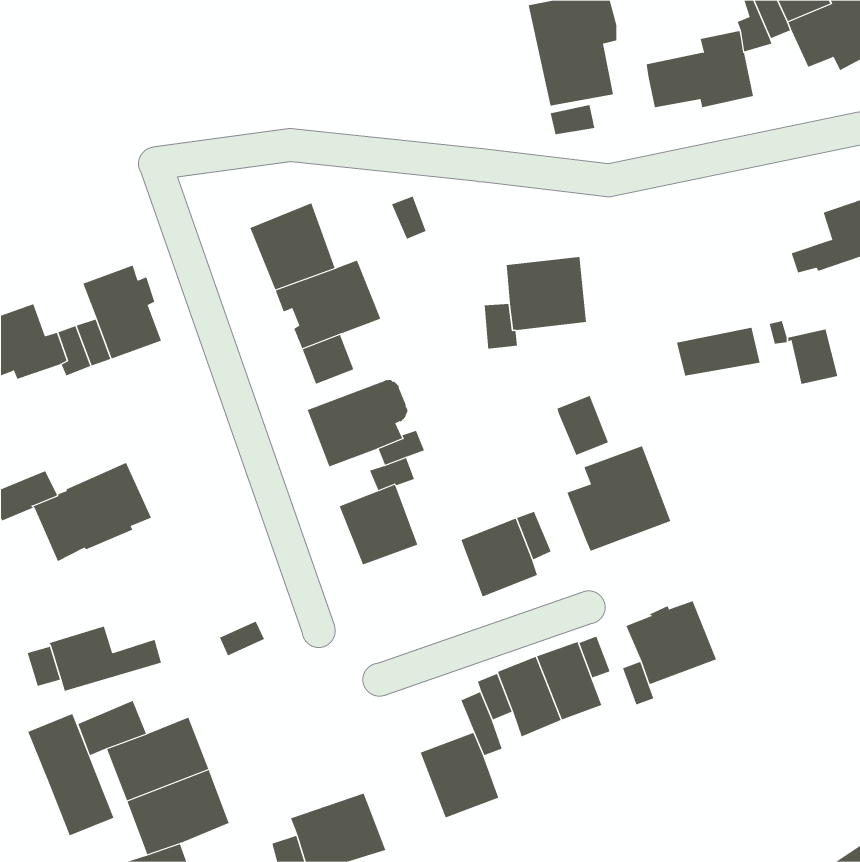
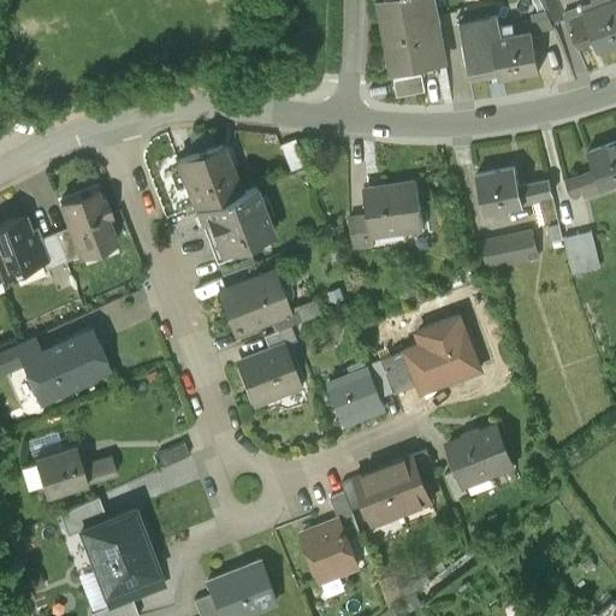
building: none -> [458,17,503,46]
building: none -> [478,167,552,213]
building: [557,395,609,456] -> [381,351,419,395]
building: [27,713,114,836] -> none

